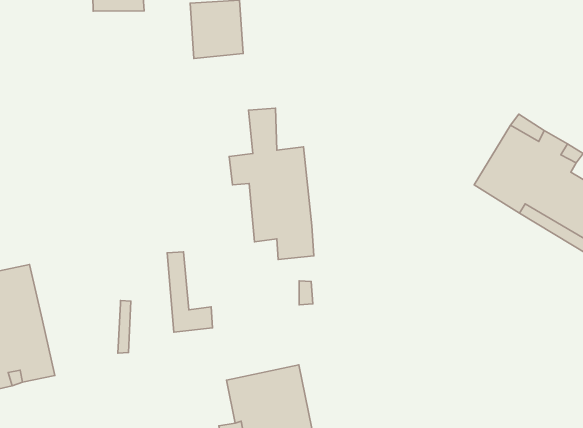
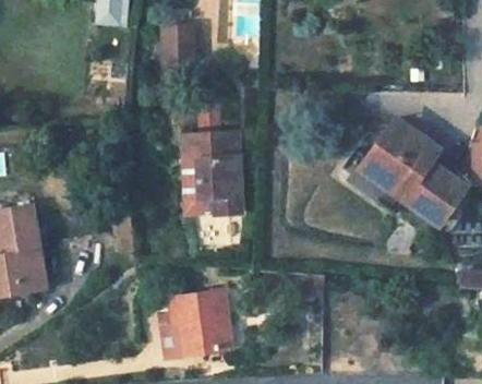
building: [167,252,213,332] -> [183,156,213,214]

